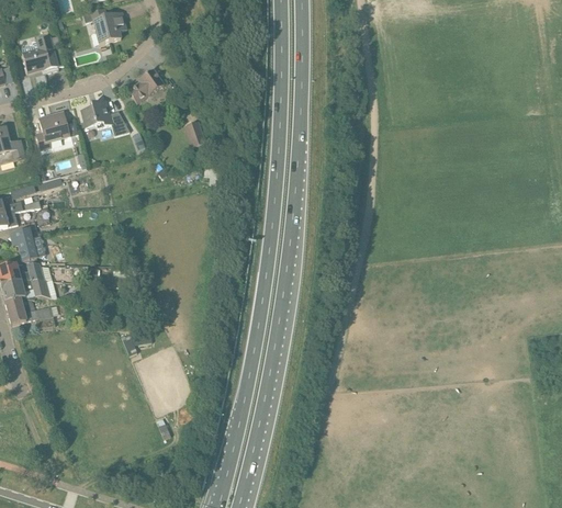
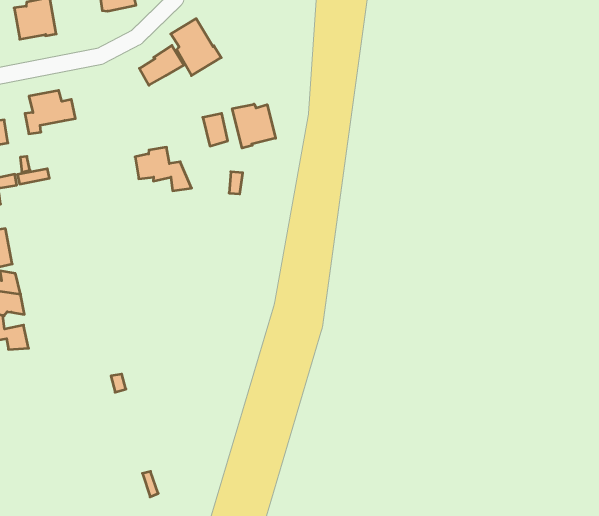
building: none -> [171,19,221,76]
building: [81,99,130,134] -> [135,147,192,191]
building: none -> [232,104,276,148]

